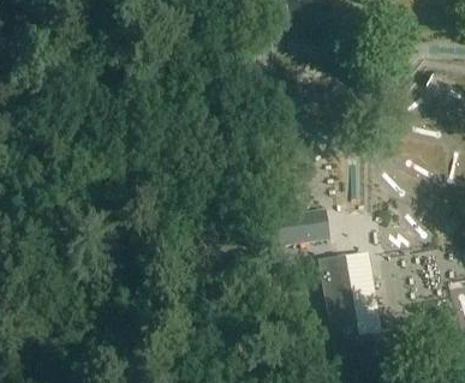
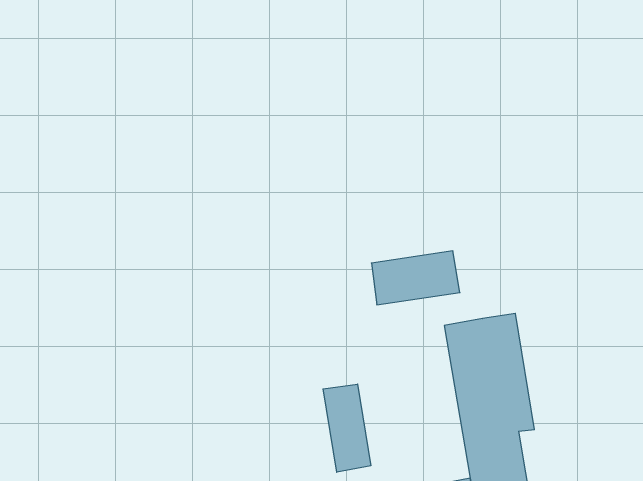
building: none -> [323,384,371,472]

